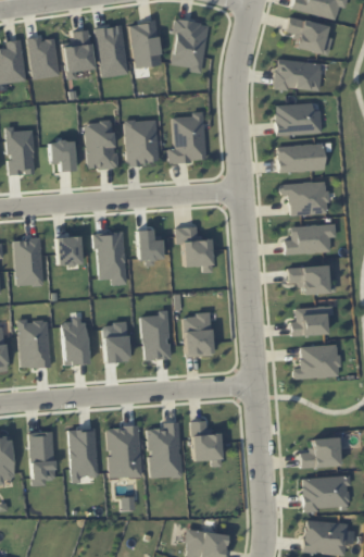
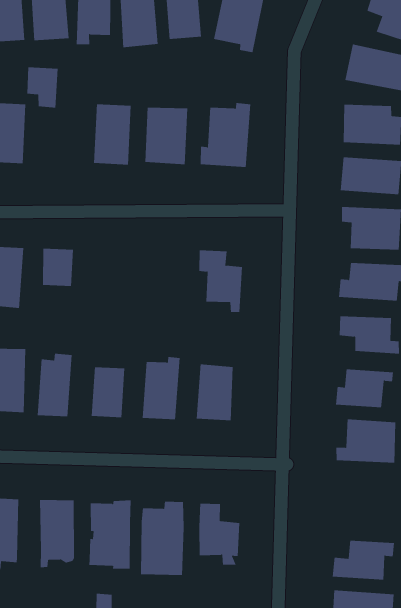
building: [48,140,73,171] -> [26,67,59,108]
building: [136,230,161,263] -> none
building: [95,232,125,285] -> none

